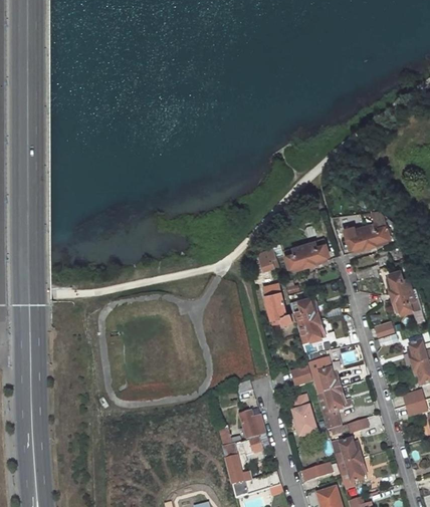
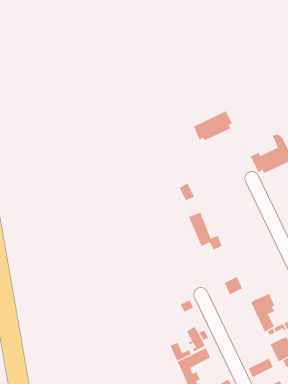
building: [284,240,330,270] -> [193,110,233,141]
building: [296,297,325,341] -> none
building: [314,367,341,393] -> none
building: [289,393,316,432] -> none

